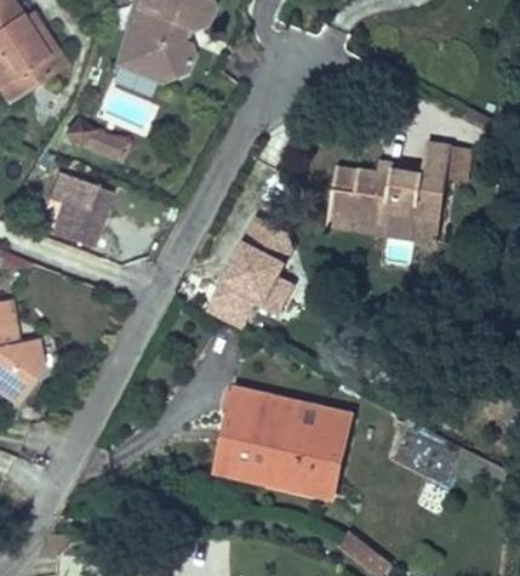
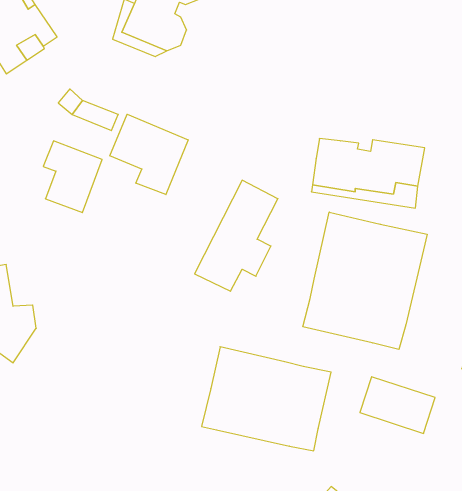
building: none -> [110,114,188,195]
building: [360,143,452,182] -> none
building: none -> [303,212,427,349]

